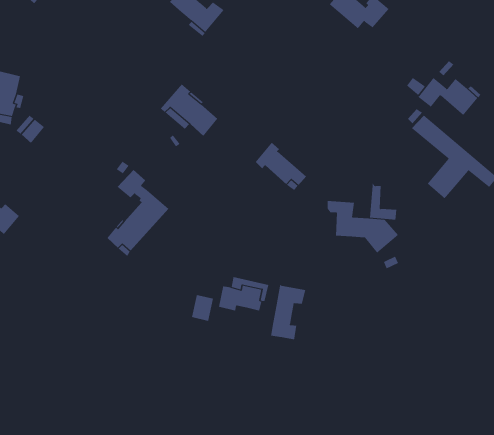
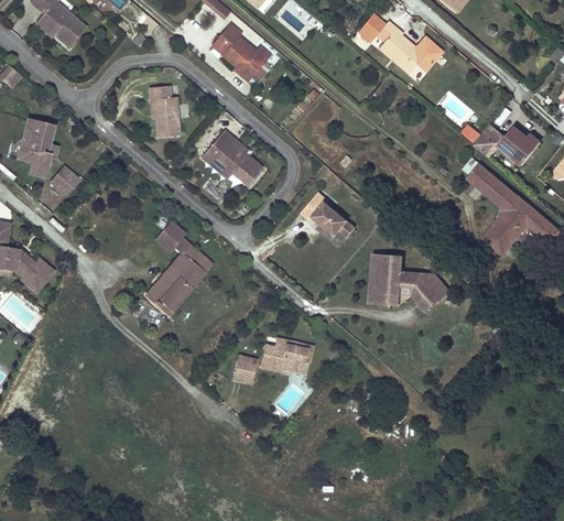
building: none -> [149,86,180,138]
building: [369,181,397,220] -> [373,263,403,304]
building: [270,284,306,340] -> none

